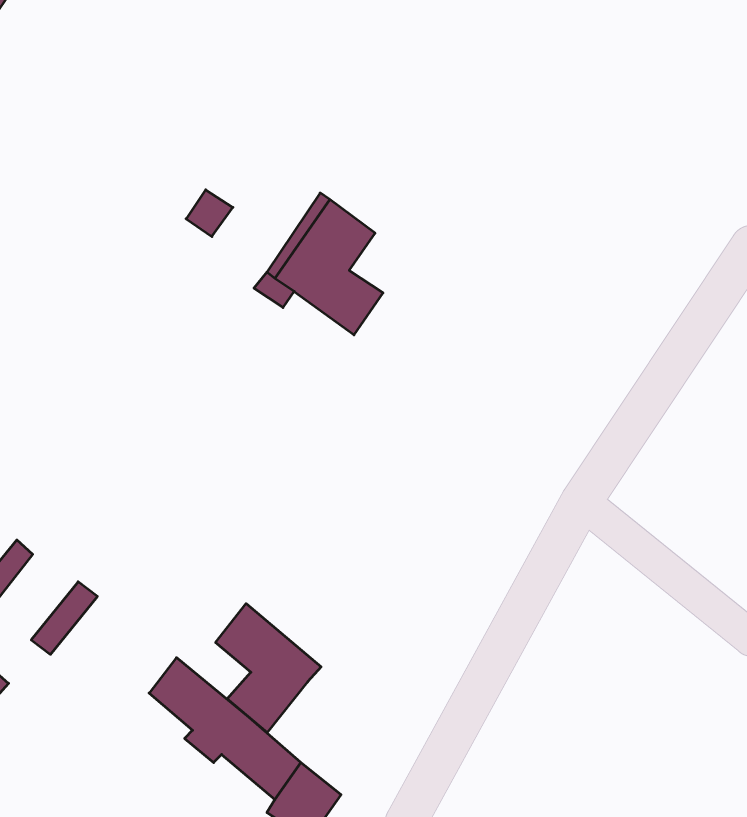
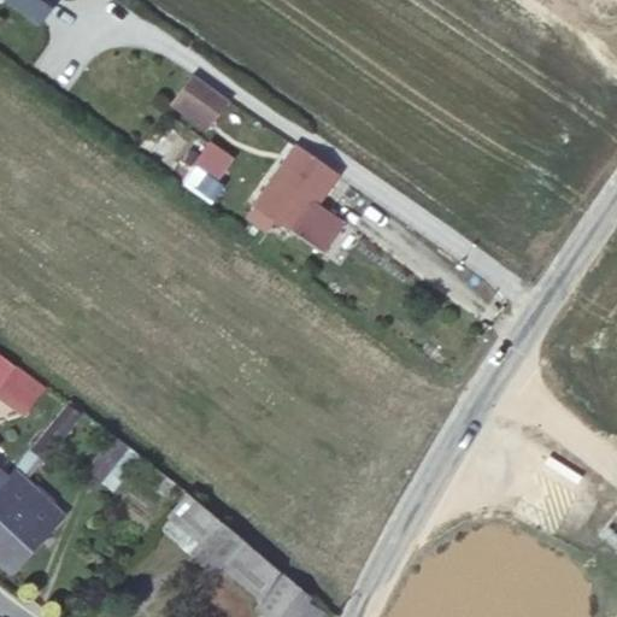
building: none -> [176,76,231,131]
building: [216,604,321,732] -> none

